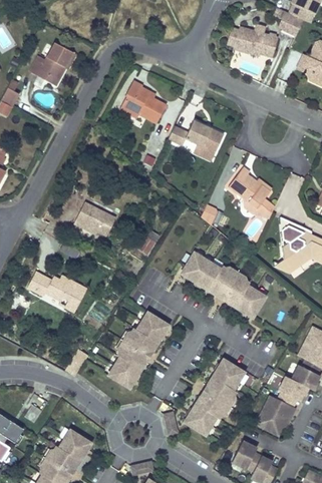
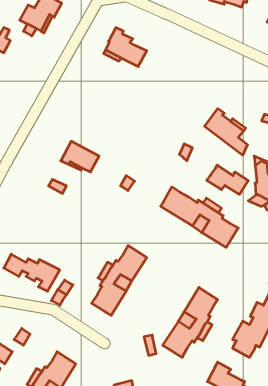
building: [169,120,224,152] -> none
building: none -> [207,165,248,194]
building: [26,274,86,314] -> [4,254,60,291]

